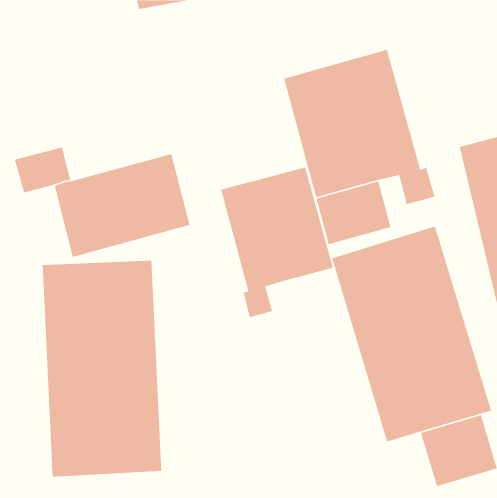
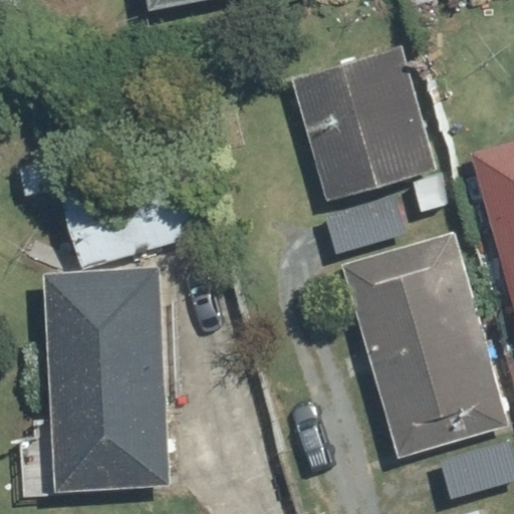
building: [220,167,334,318] -> none

